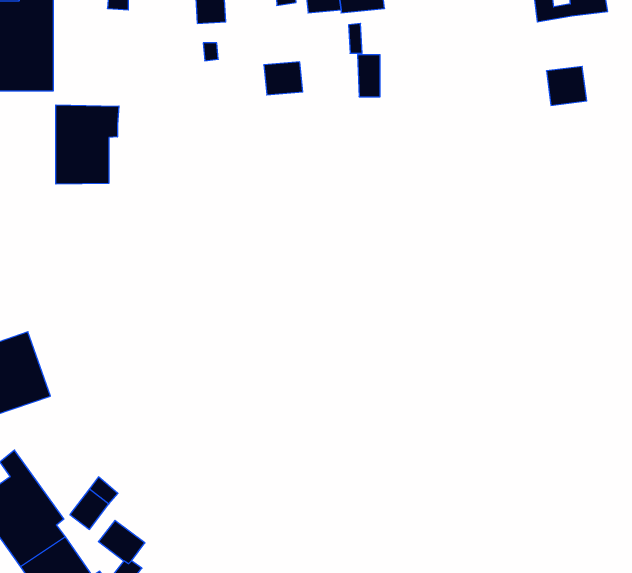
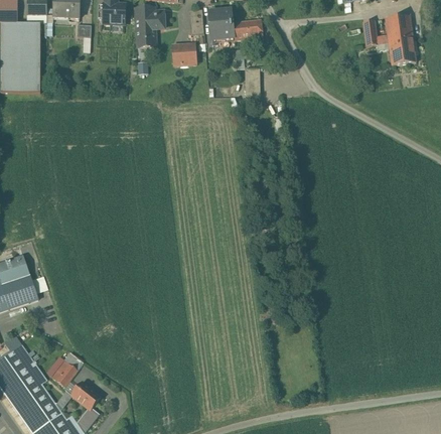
building: [264,62,303,95] -> [170,42,196,64]
building: [546,66,587,105] -> [388,38,415,64]
building: [56,105,119,184] -> none

